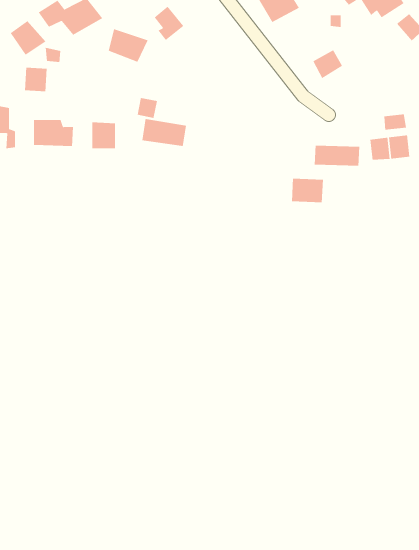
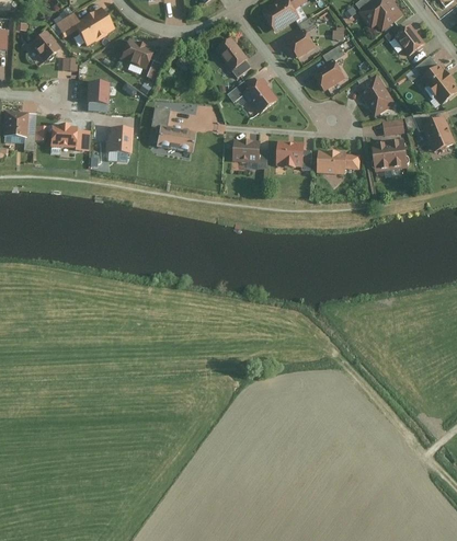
building: [154,6,184,41] -> [220,42,249,74]
building: none -> [287,28,317,57]
building: none -> [356,72,395,111]
building: [24,67,47,92] -> [84,81,106,104]
building: none -> [242,79,275,112]
building: none -> [229,139,261,161]
building: [291,178,324,203] -> [272,140,302,163]

